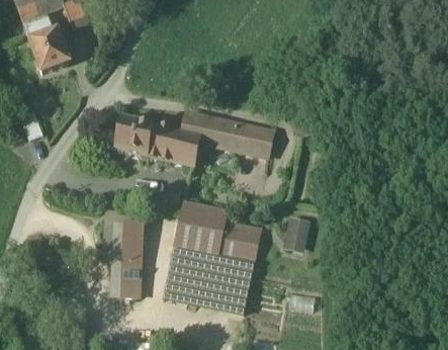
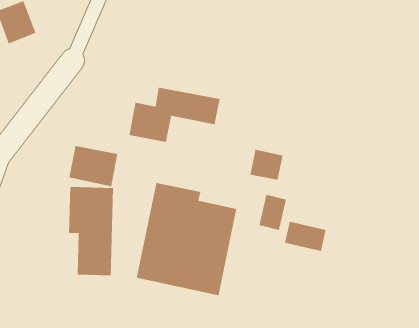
building: [116,118,164,159] -> [68,145,118,187]
building: [241,123,273,154] -> [250,149,283,181]
building: none -> [284,221,326,252]

